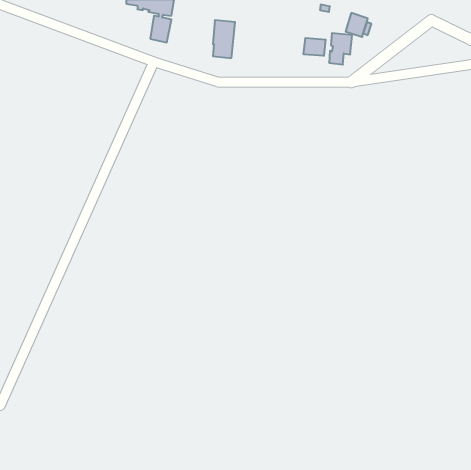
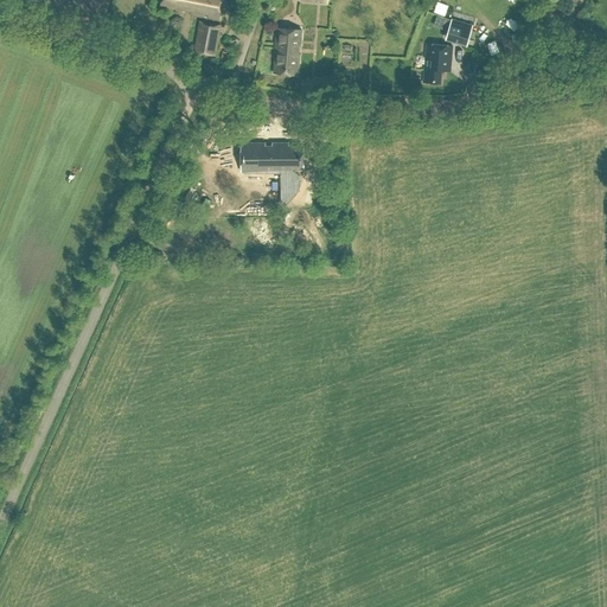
building: [304,38,326,56] -> none
building: none -> [242,142,304,192]

